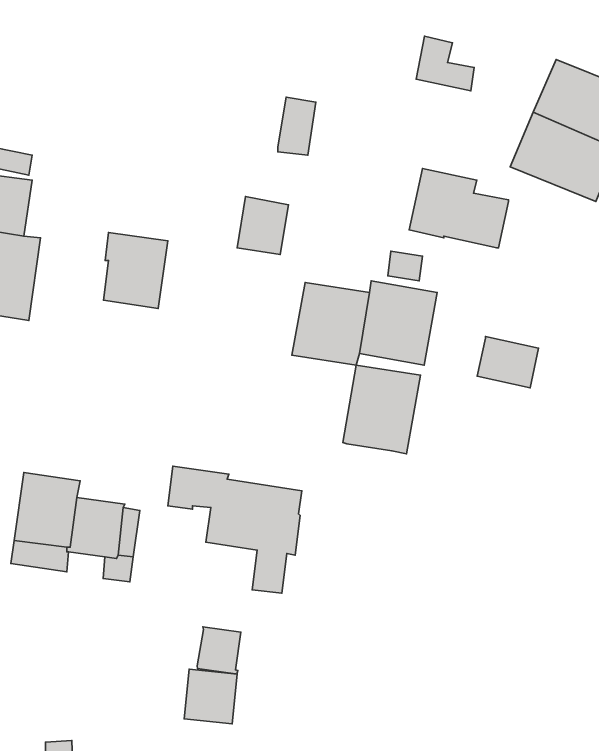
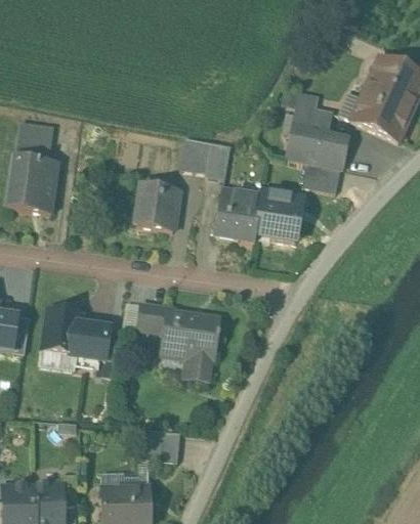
building: [416,36,474,91] -> [294,93,330,127]
building: [278,97,316,155] -> [206,142,229,178]
building: [103,232,168,308] -> [138,184,178,231]
building: [477,337,538,388] -> [302,162,340,193]
building: [343,365,421,454] -> none
building: [197,627,241,674] -> none

